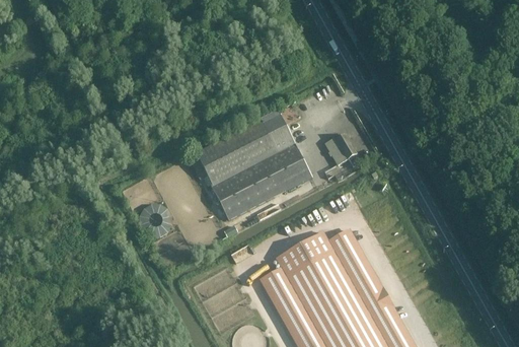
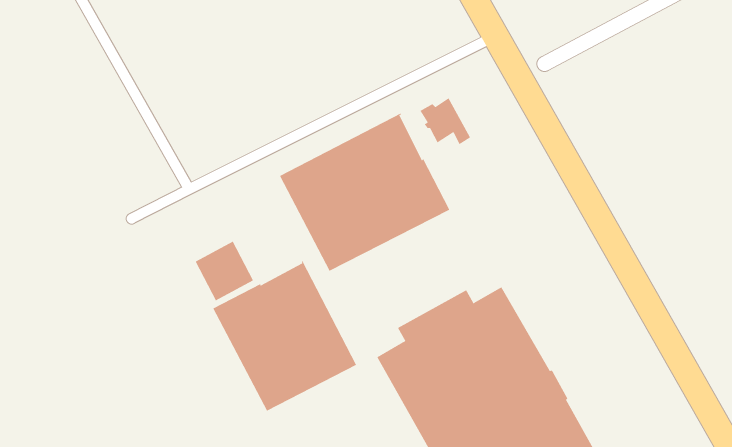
building: [324,134,360,166] -> [419,98,471,145]
building: none -> [212,260,357,412]

